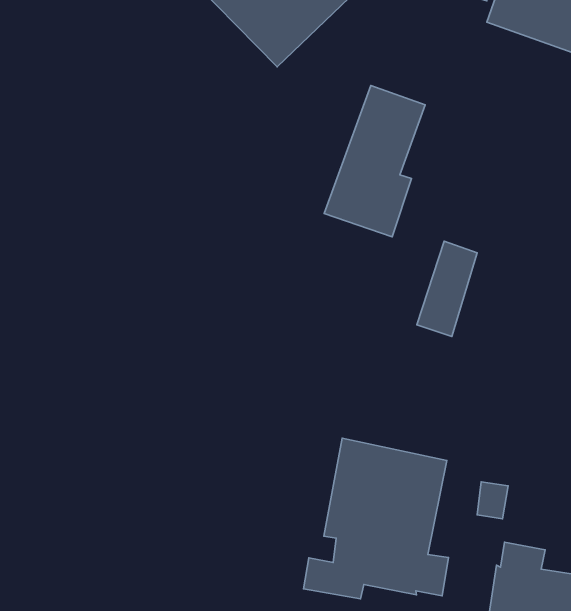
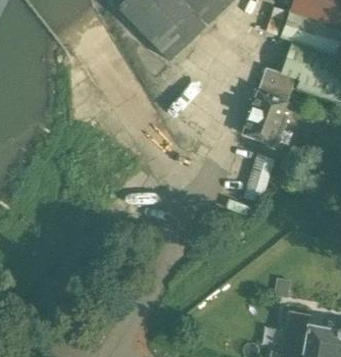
building: [324,86,425,237] -> [242,67,295,147]
building: [303,438,448,599] -> none

